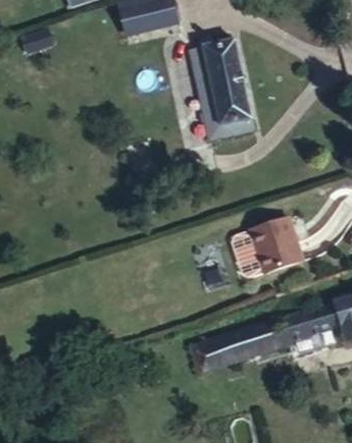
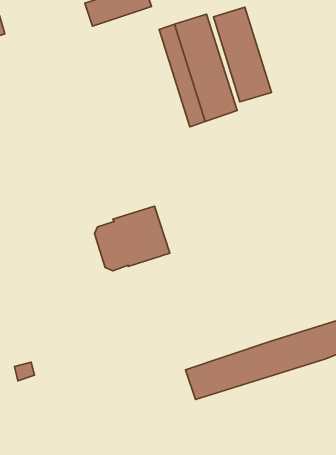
building: none -> [213,7,272,102]
building: [223,217,294,277] -> [94,206,170,271]

